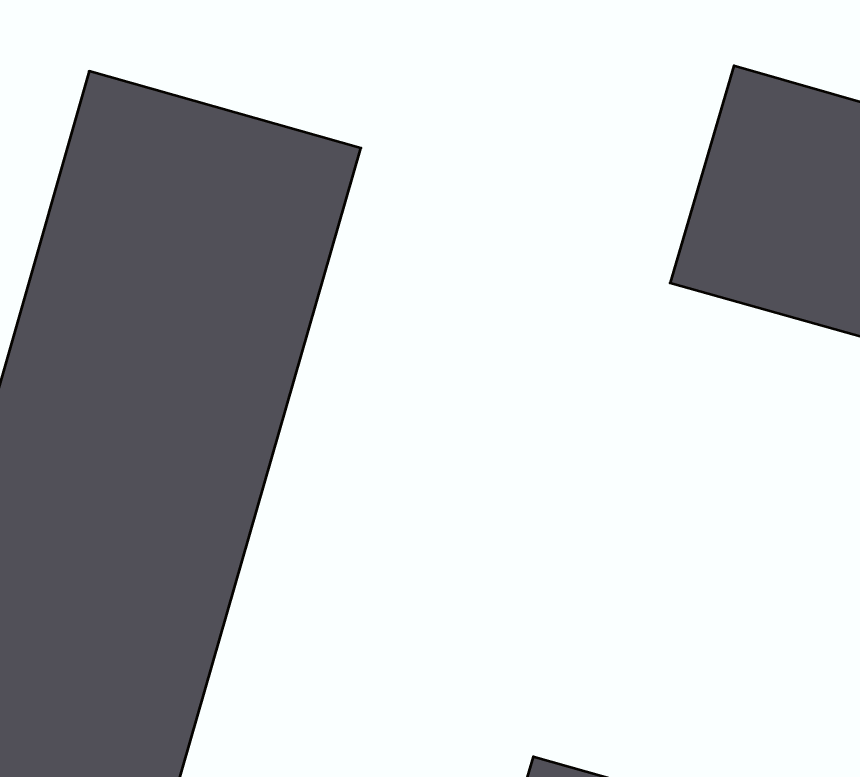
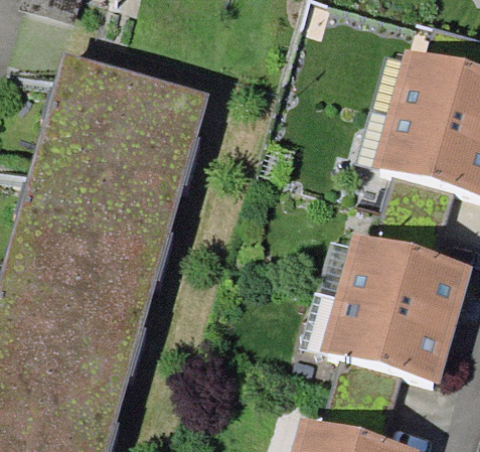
building: none -> [320,235,473,382]

